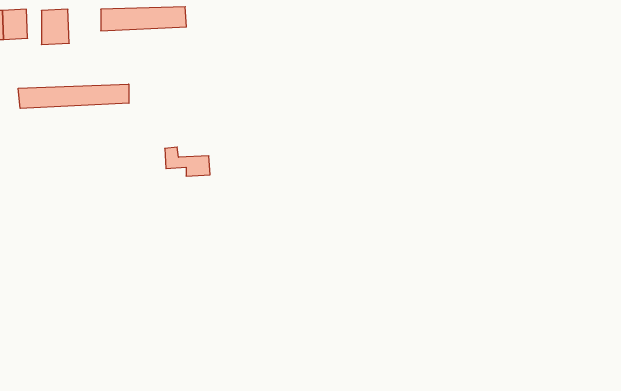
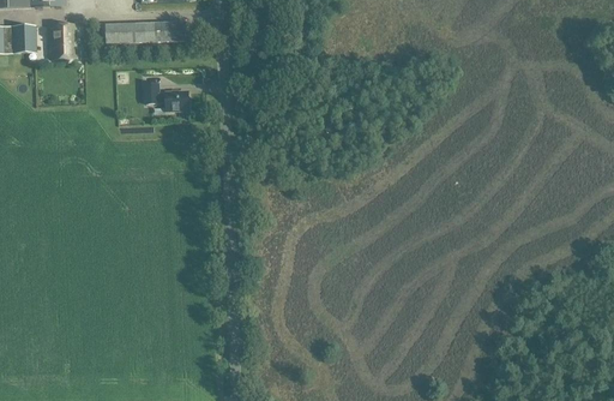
building: [18,84,129,108] -> none
building: [165,147,210,176] -> [145,83,188,110]

